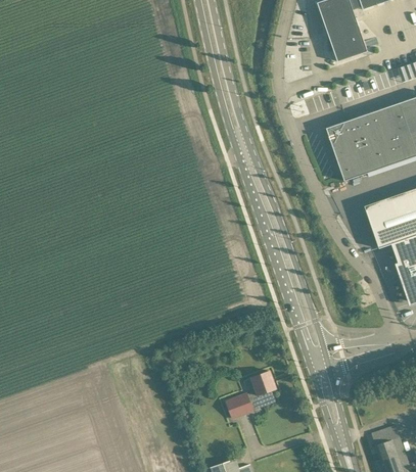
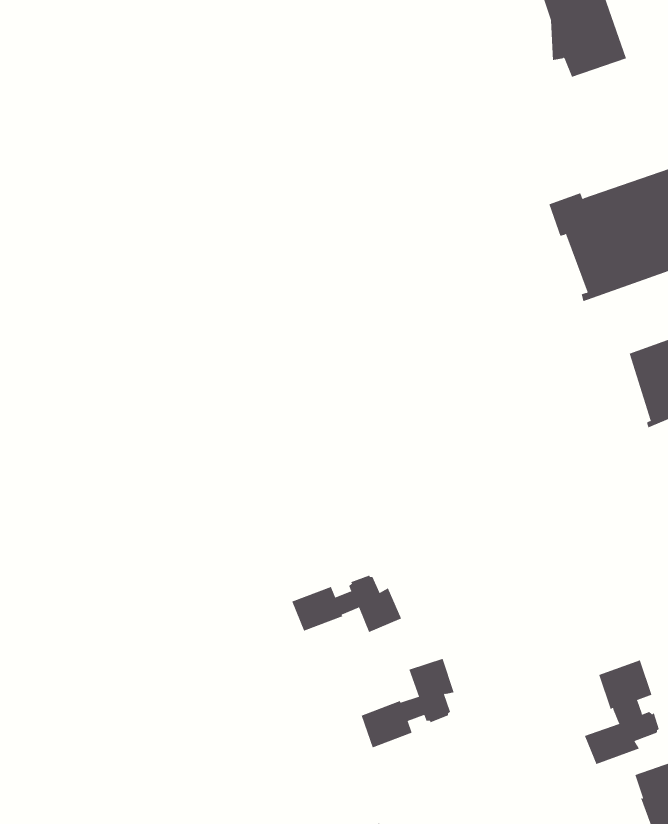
building: none -> [292,575,402,633]
building: none -> [584,660,660,765]

